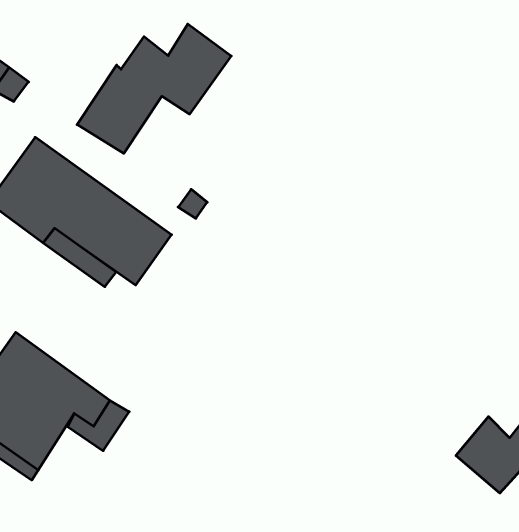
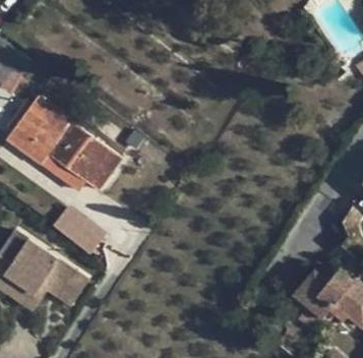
building: [77,24,231,153] -> none
building: none -> [53,206,103,251]

